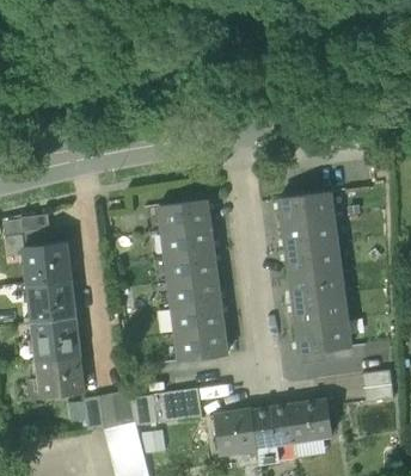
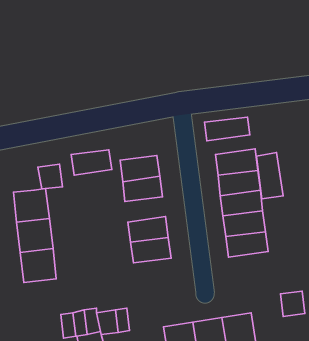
building: none -> [204,117,250,141]
building: none -> [256,152,283,199]
building: [19,215,50,246] -> [38,164,62,189]
building: [165,252,216,284] -> [71,150,112,175]
building: [296,321,350,354] -> none
building: [176,329,227,361] -> none
building: [37,356,82,398] -> none
building: [167,389,200,421] -> none

